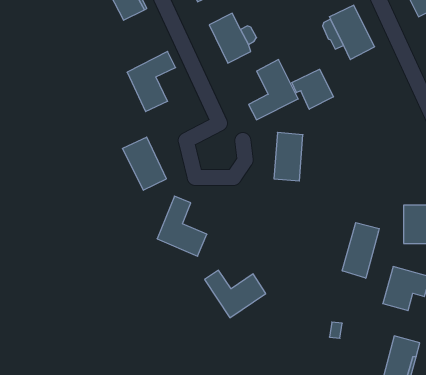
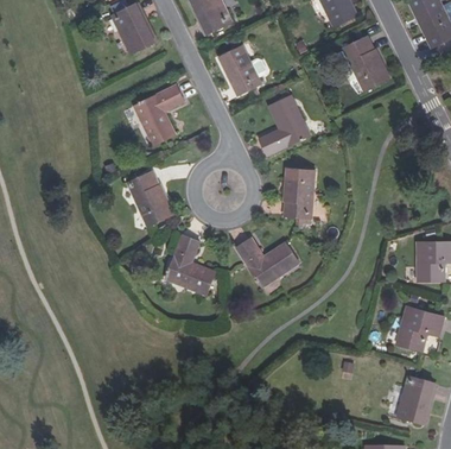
building: [292,69,333,109] -> none
building: [342,223,379,278] -> none
building: [205,270,266,318] -> [237,238,300,286]

